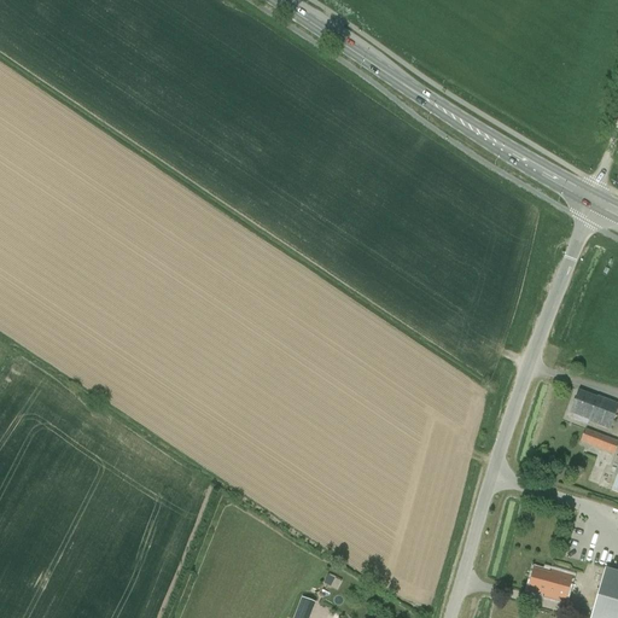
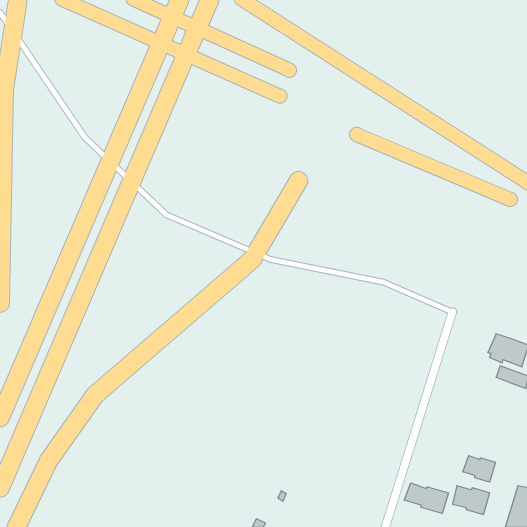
building: none -> [463,456,495,482]
building: none -> [404,483,448,514]

